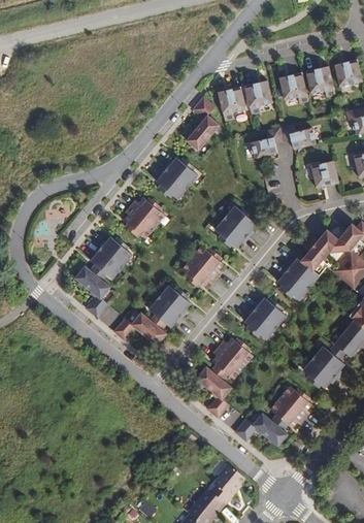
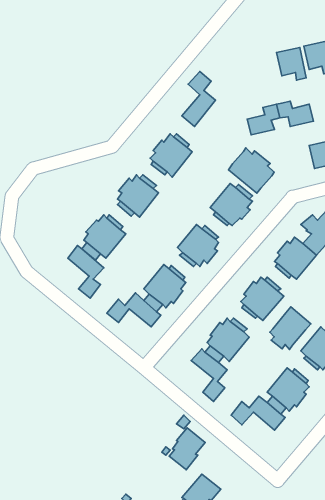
building: [244,80,272,116] -> none
building: [218,87,245,122] -> none
building: none -> [229,148,274,193]
building: none -> [270,307,311,349]
building: [209,464,244,505] -> [169,428,205,470]

